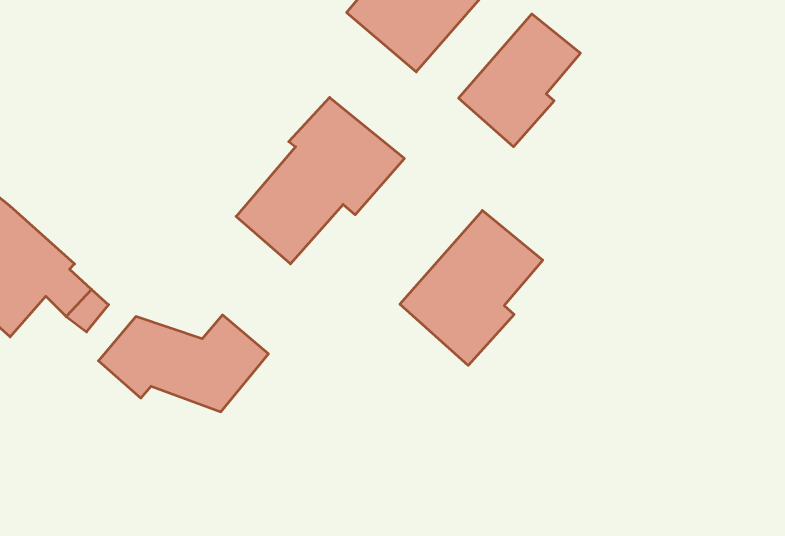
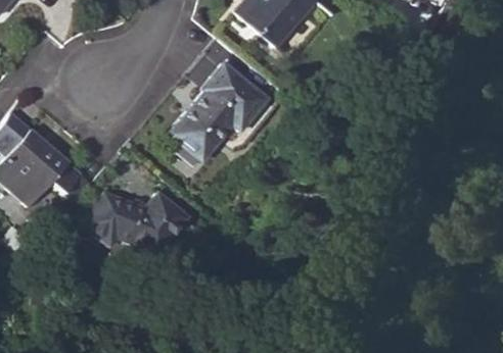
building: [459,14,580,147] -> none
building: [400,210,543,365] -> none

